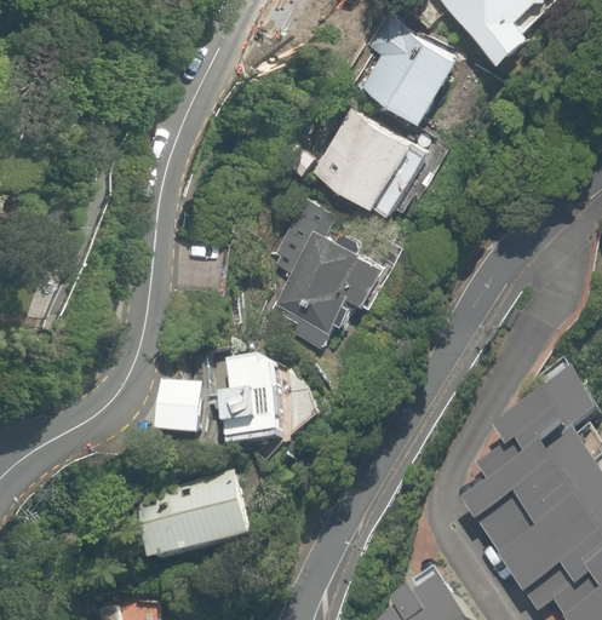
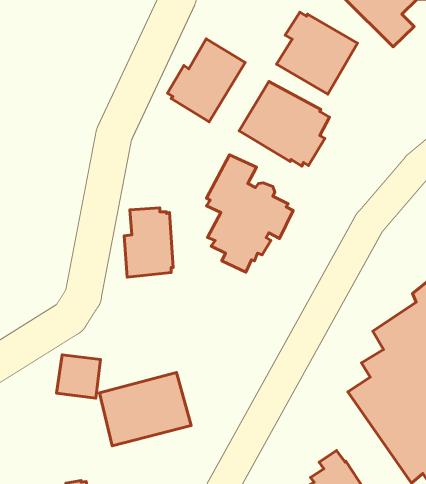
building: none -> [168,39,245,122]
building: [219,360,281,447] -> [124,208,173,277]
building: [153,383,208,437] -> [56,355,101,398]

